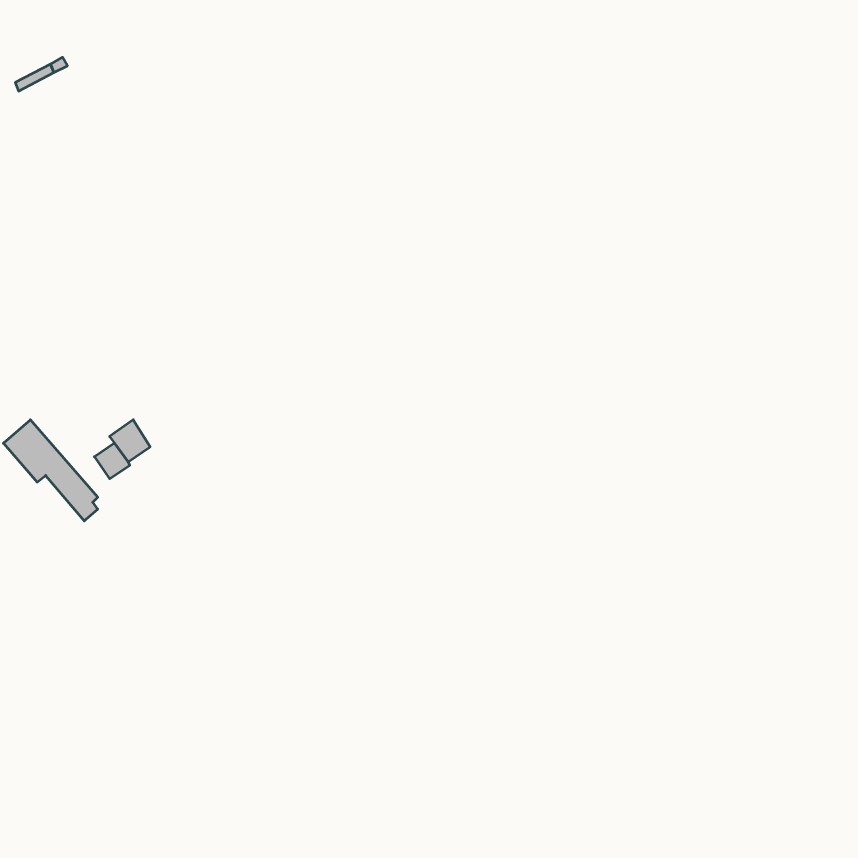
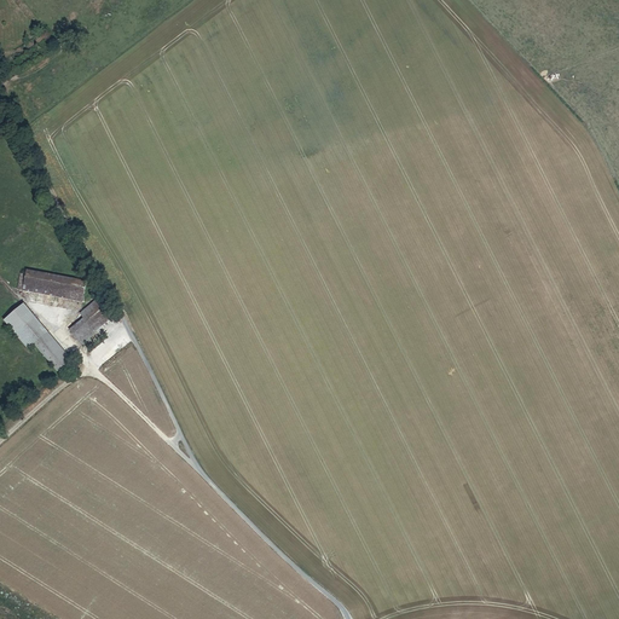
building: none -> [21,270,85,301]

